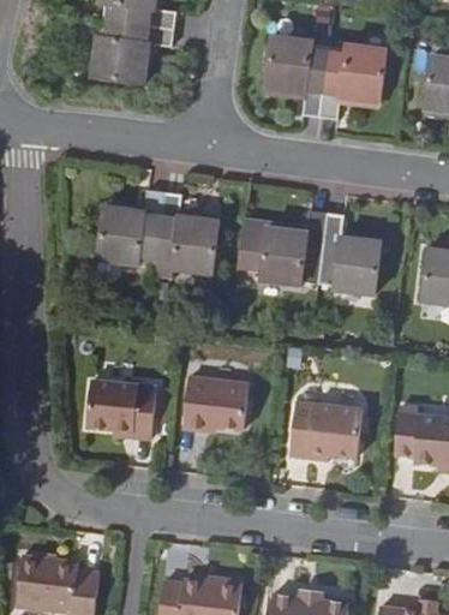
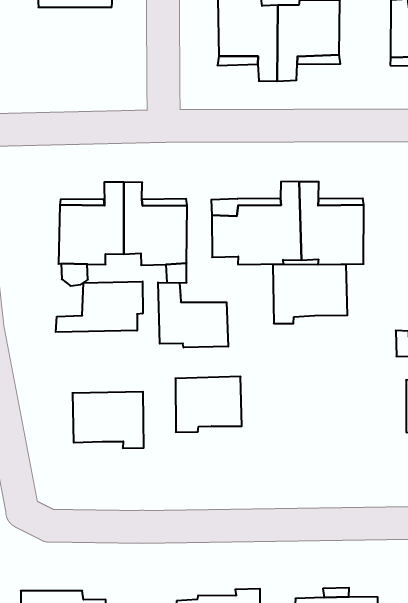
building: [95,22,174,83] -> none
building: none -> [56,281,143,332]
building: none -> [158,282,228,348]
building: [289,401,363,458] -> [273,264,347,324]

